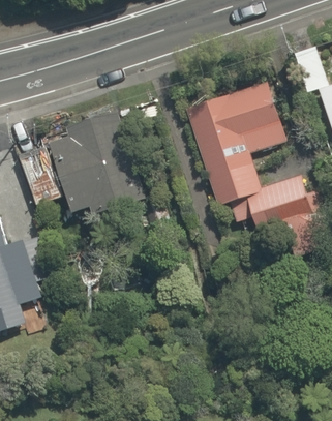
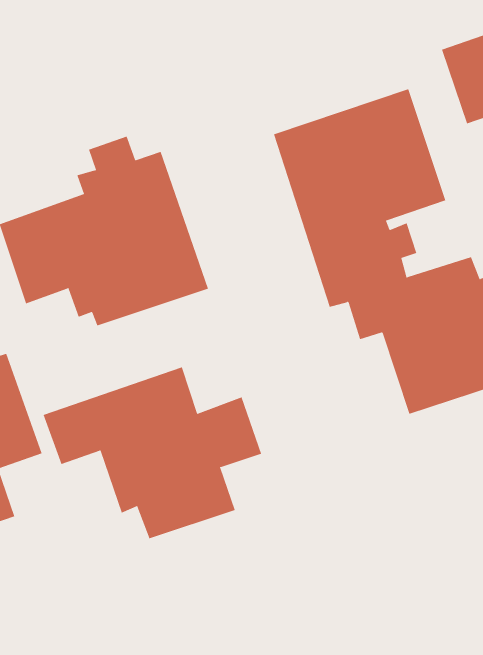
building: none -> [43,367,262,539]

